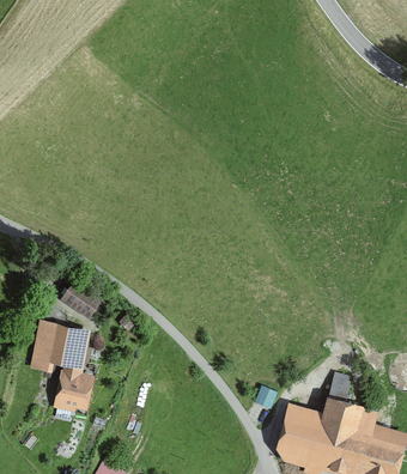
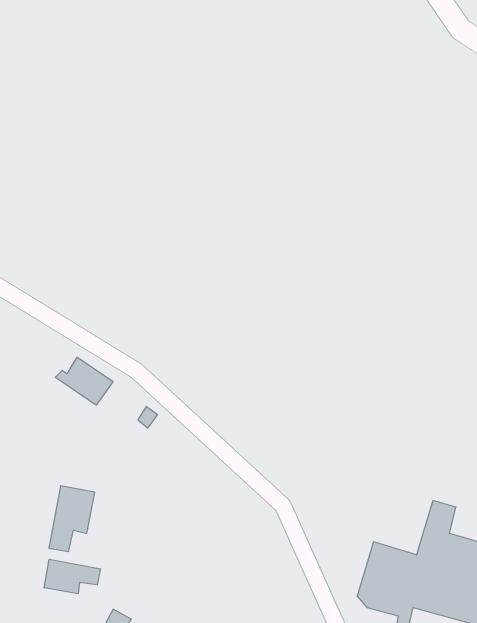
building: [32,324,83,371] -> none
building: none -> [44,559,101,594]

